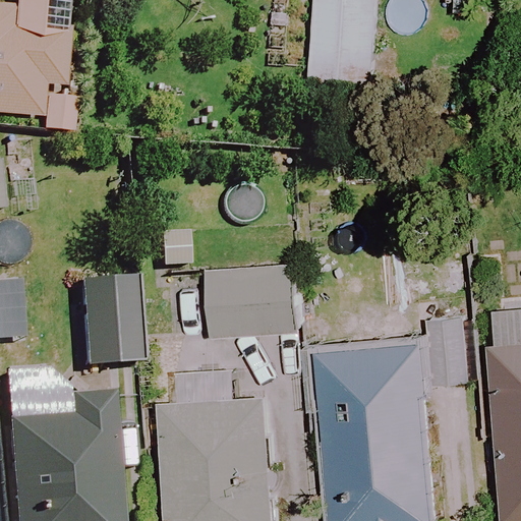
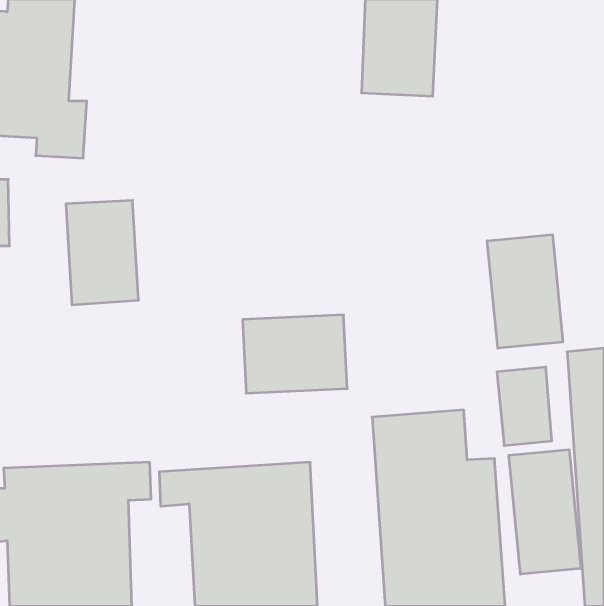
building: none -> [487,235,563,348]
building: [76,280,138,369] -> [66,200,139,305]
building: none -> [509,450,581,574]

